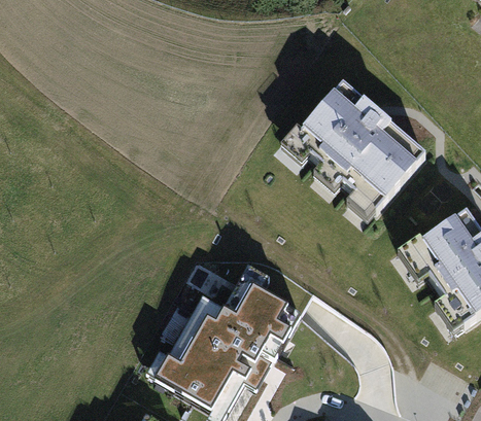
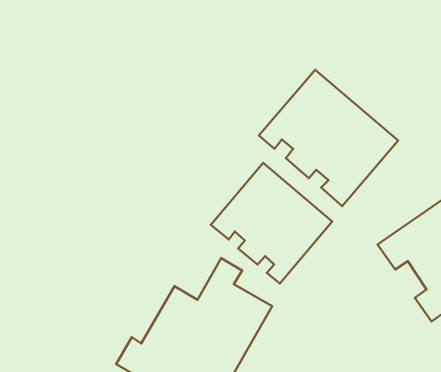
building: none -> [211,163,332,284]

